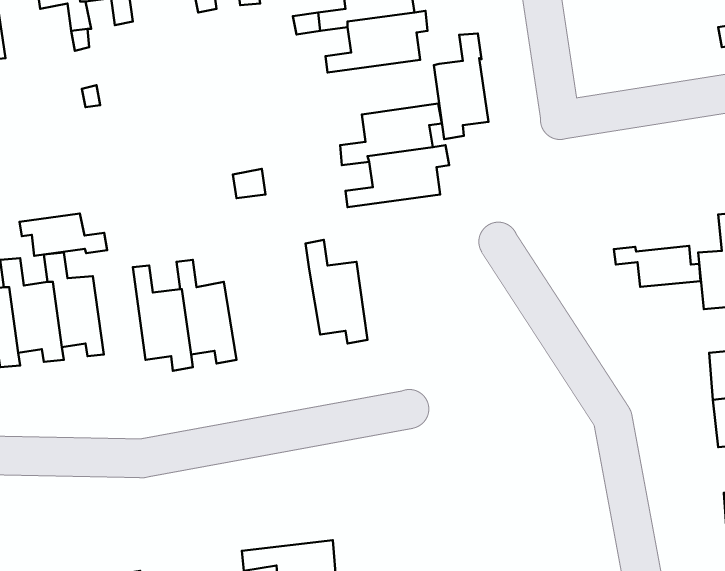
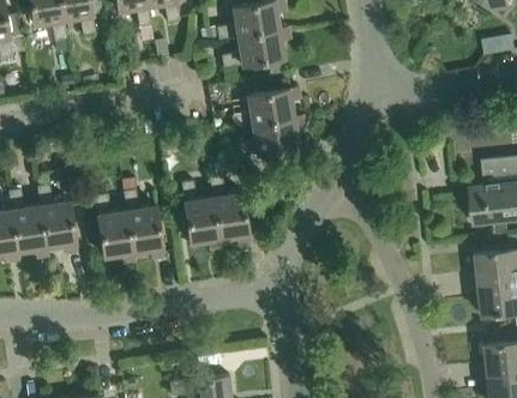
building: [434,33,488,139] -> none
building: [19,213,107,256] -> none
building: [614,246,700,287] -> none
building: none -> [181,182,221,251]

